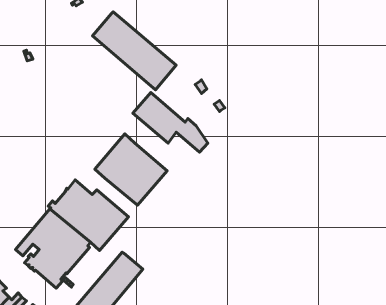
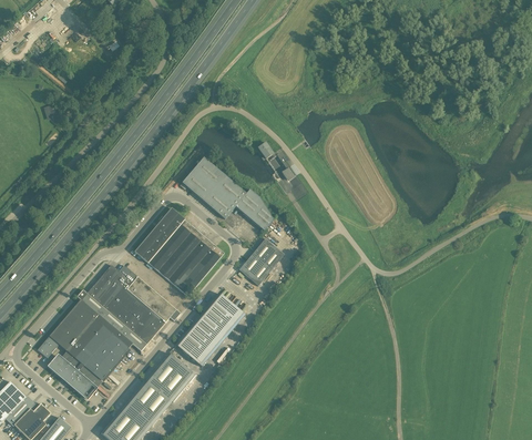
building: [93,12,176,90] -> none
building: none -> [238,238,283,286]
building: none -> [174,294,244,367]

